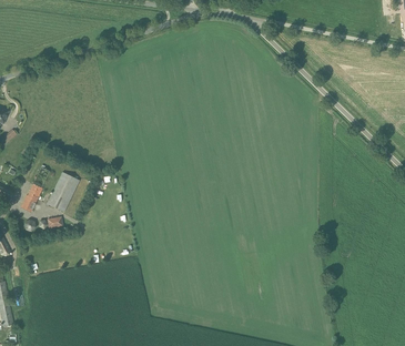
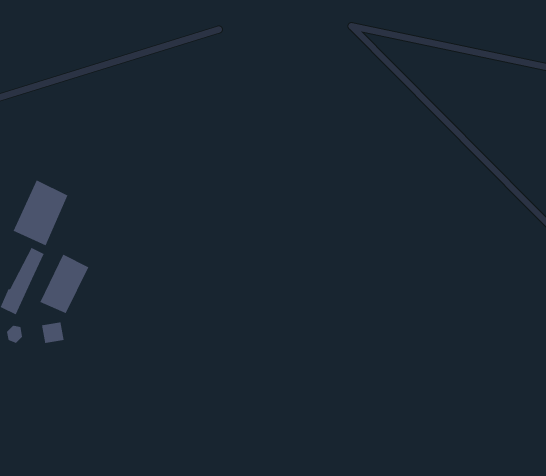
building: none -> [13,179,68,246]

